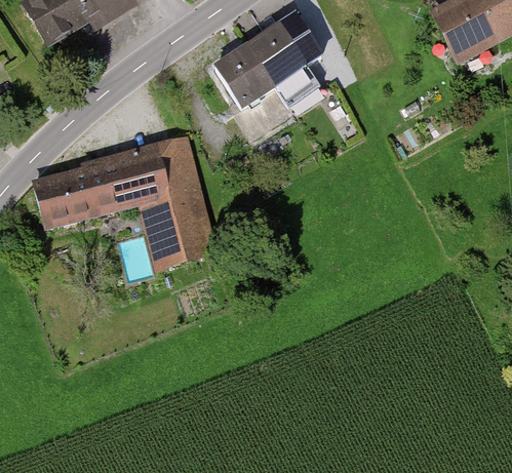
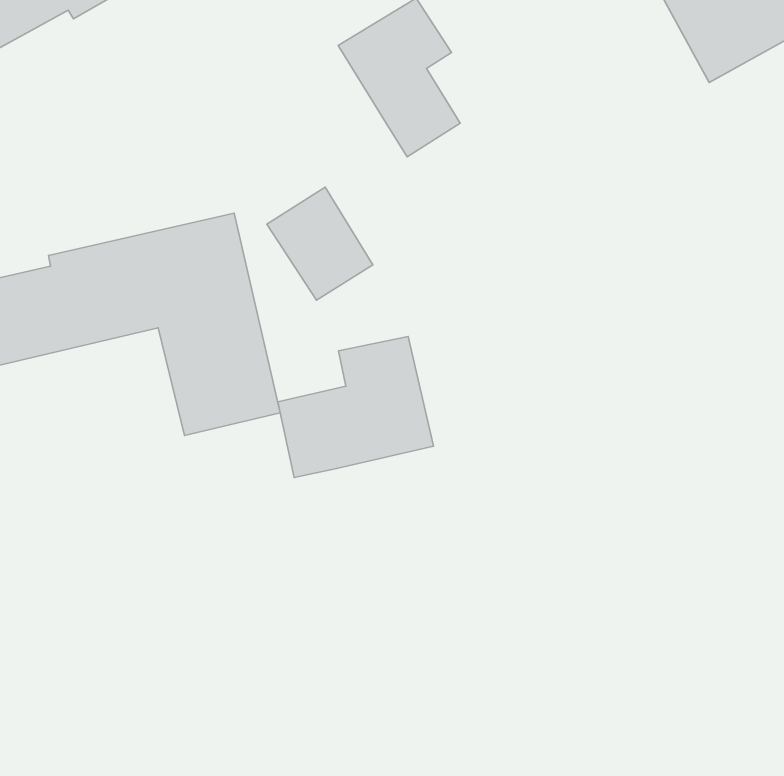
building: [214,41,276,107] -> [267,187,373,300]
building: none -> [278,337,433,478]

